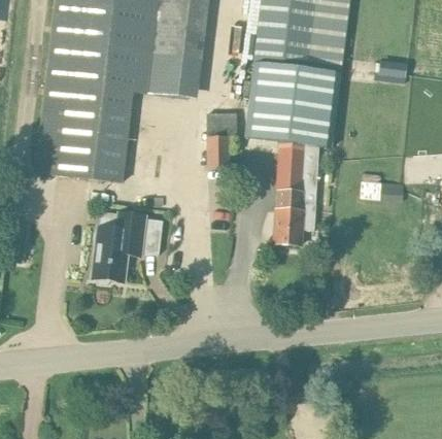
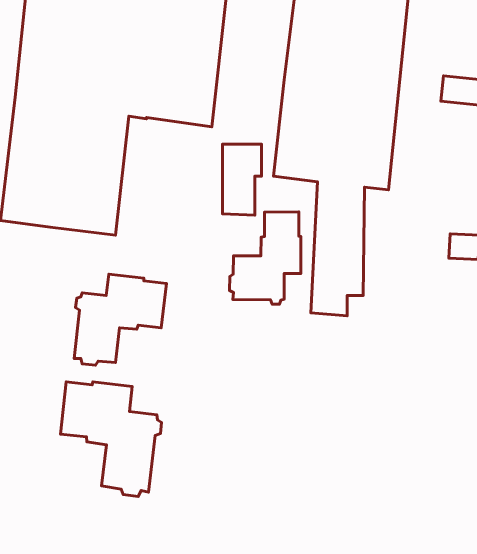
building: none -> [230,212,301,304]
building: none -> [61,382,161,496]

